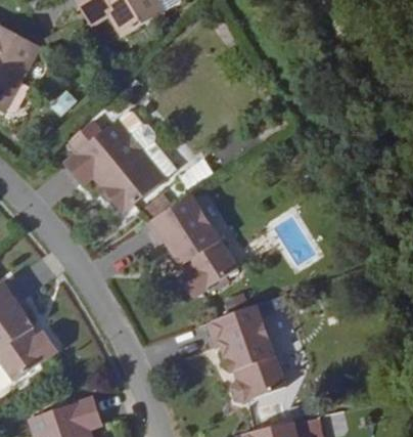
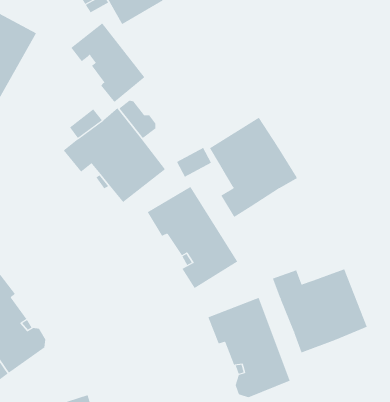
building: none -> [71,23,145,103]
building: none -> [209,117,298,218]
building: none -> [272,268,368,353]

